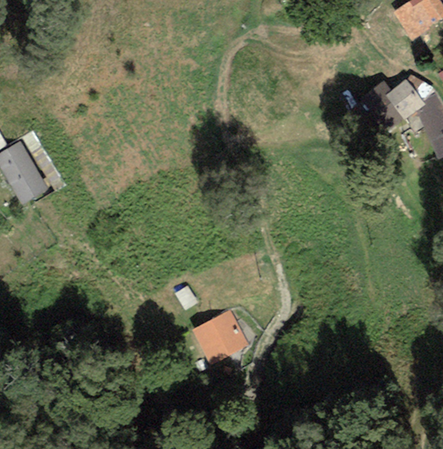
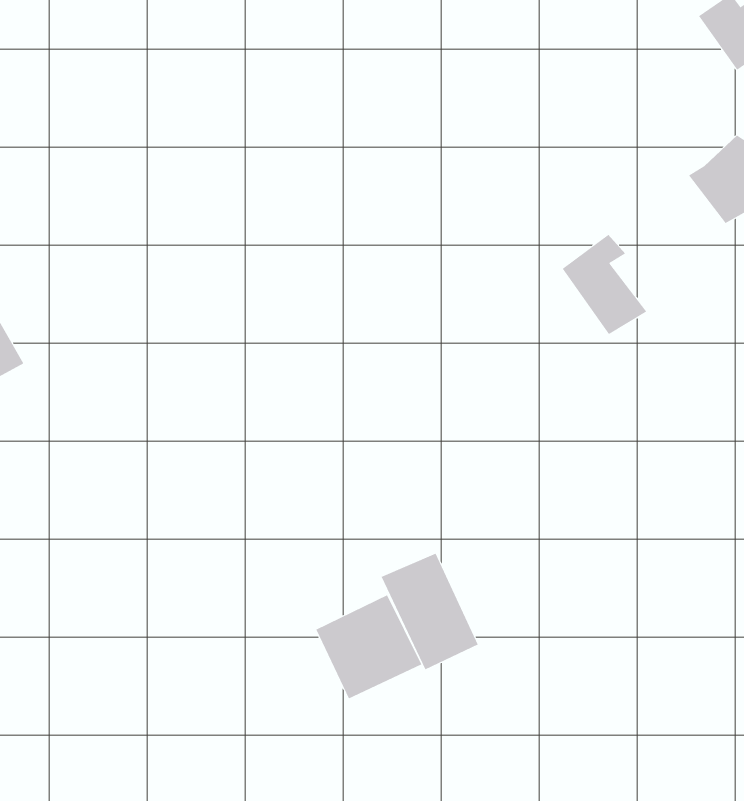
building: [363,78,407,130] -> [562,234,647,335]
building: none -> [381,553,479,670]

